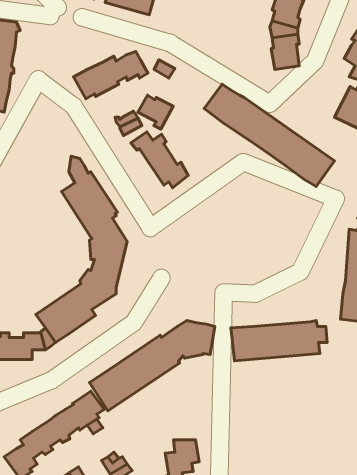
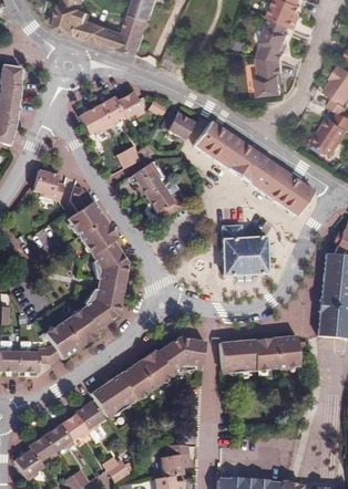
building: [138,95,173,129] -> [162,110,194,141]
building: none -> [33,168,63,200]
building: none -> [222,225,267,275]

